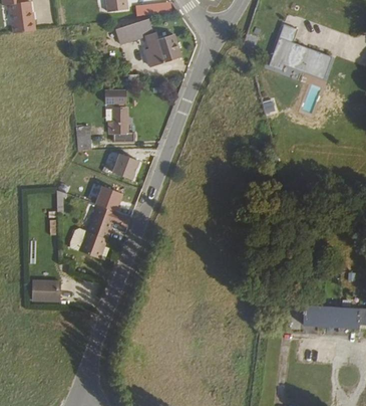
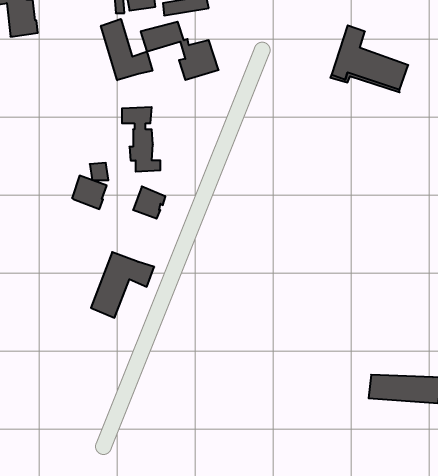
building: none -> [101,19,152,80]
building: [93,188,121,215] -> [72,176,107,209]
building: [30,281,57,299] -> none

